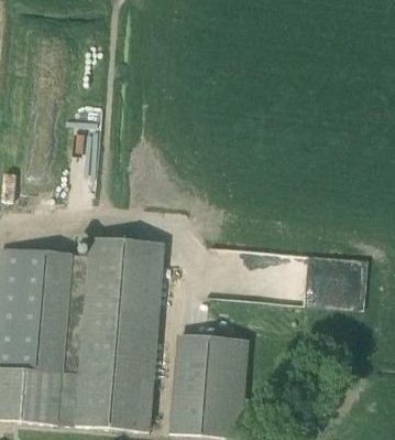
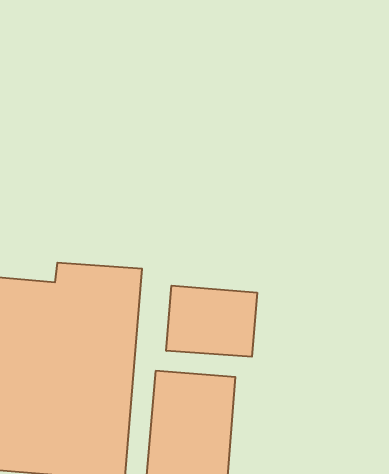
building: none -> [166,286,257,357]

